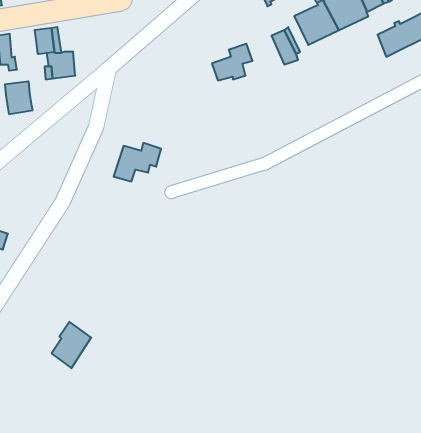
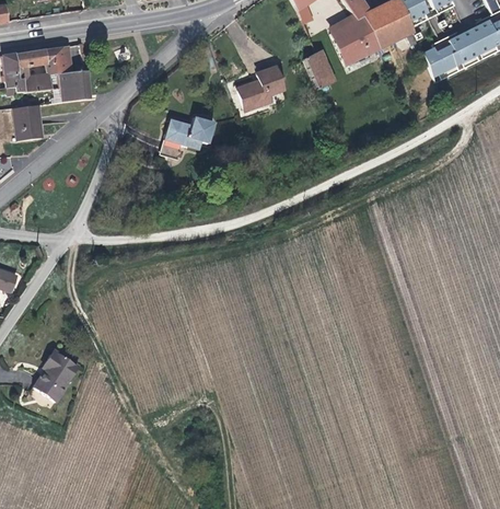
building: none -> [18,48,50,92]
building: [114,143,161,181] -> [163,113,216,155]
building: [52,322,91,368] -> [32,350,75,402]

